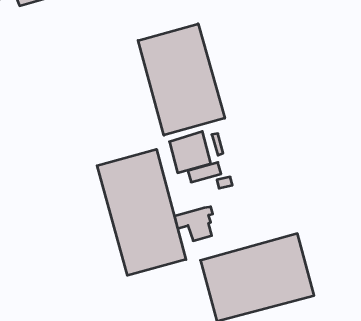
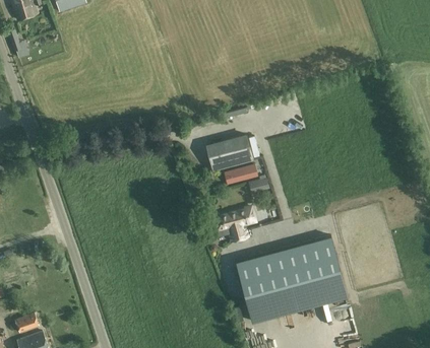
building: [138,24,225,135] -> none
building: [97,149,186,275] -> none

